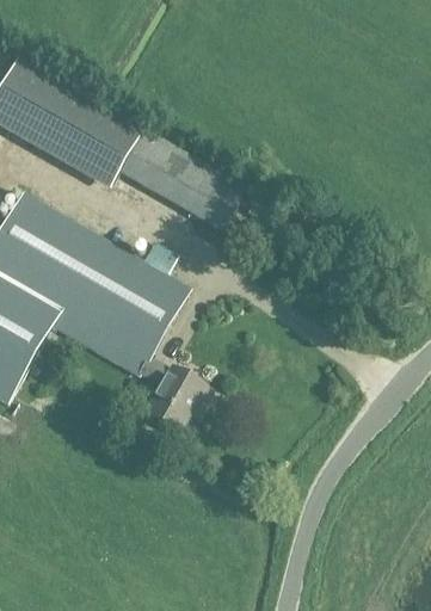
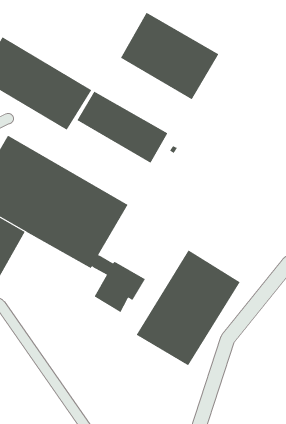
building: none -> [120,12,219,100]
building: none -> [136,250,241,366]

